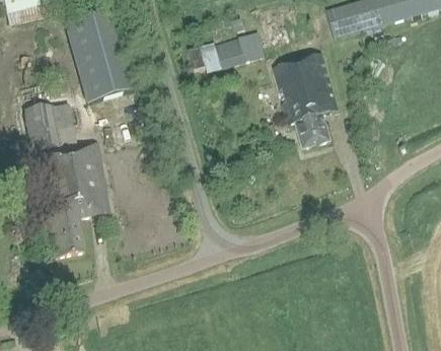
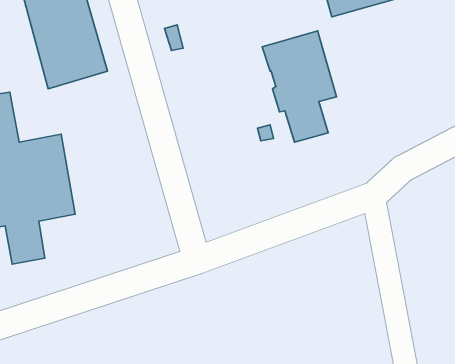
building: [214,30,263,68] -> none
building: [52,101,76,148] -> none

